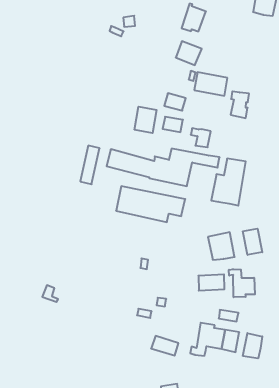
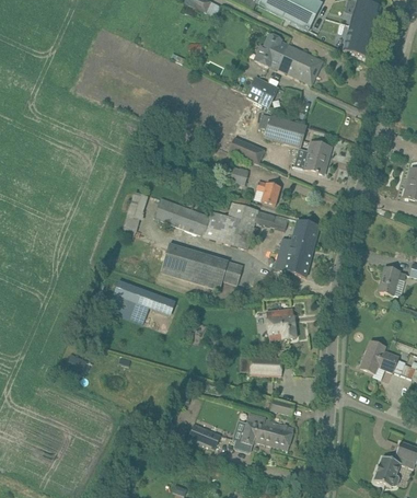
building: none -> [276,44,322,83]
building: [135,107,157,133] -> none
building: none -> [107,279,175,324]
building: [243,229,262,255] -> none
building: [229,269,255,297] -> none
building: [243,333,262,358] -> none

